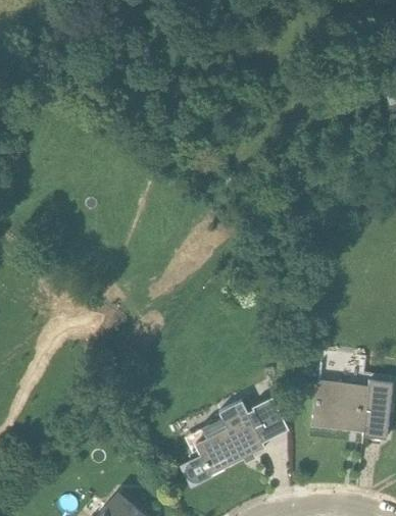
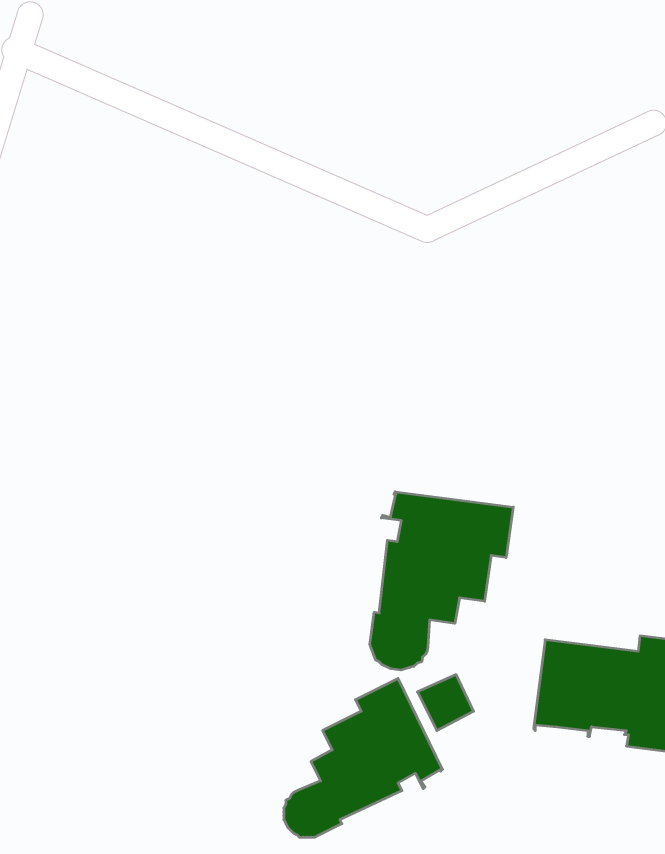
building: none -> [370,492,513,670]

